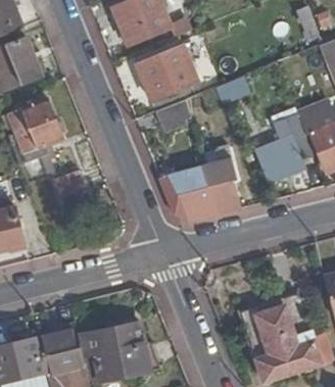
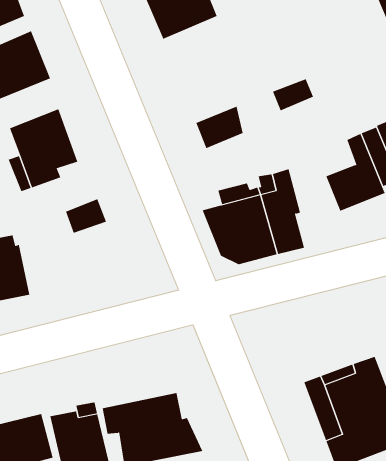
building: [135,45,198,100] -> none

